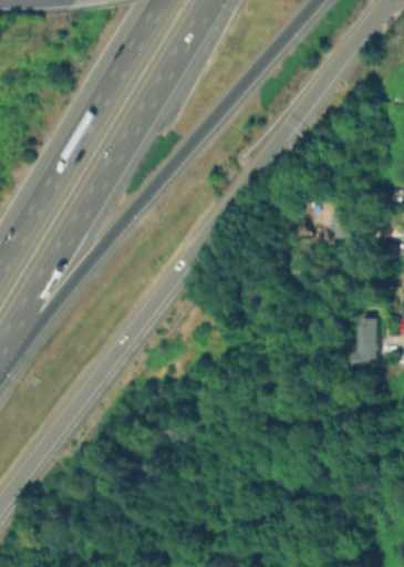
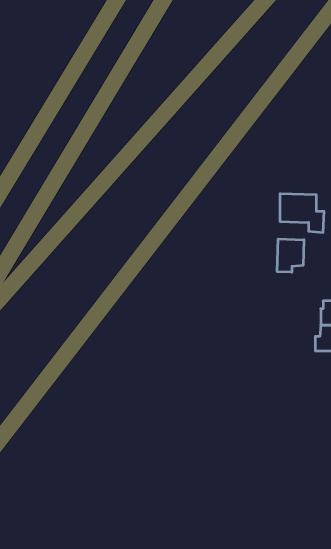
building: none -> [277,239,304,272]

